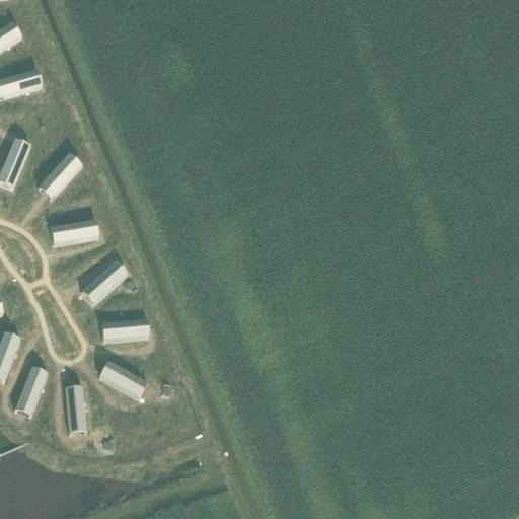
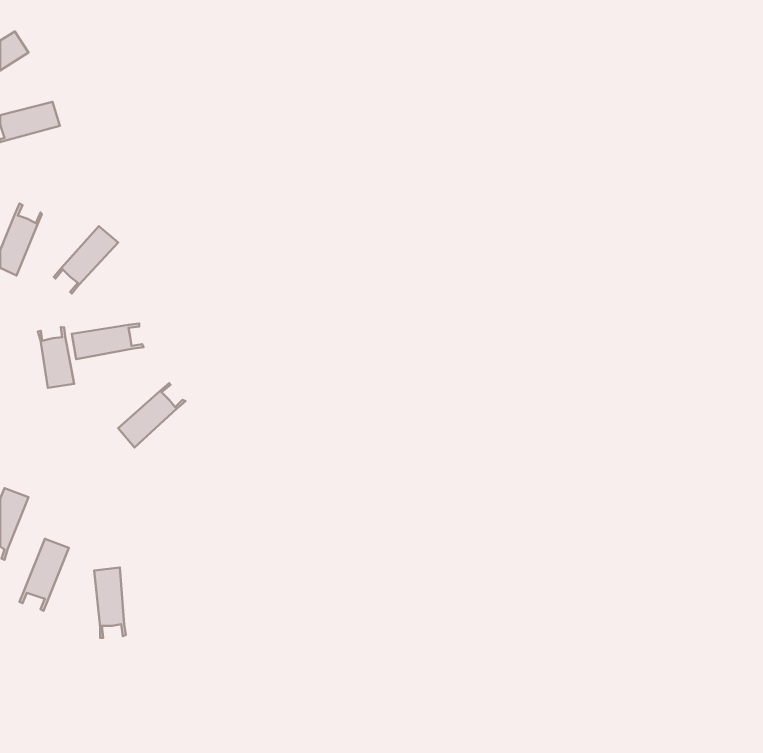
building: none -> [38,327,74,388]
building: [101,318,148,339] -> none
building: [98,360,147,397] -> none

